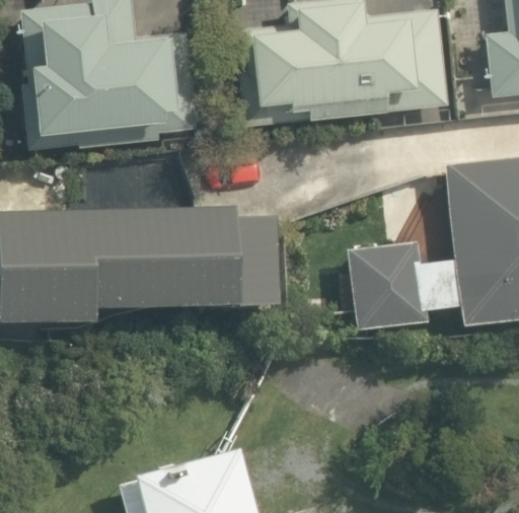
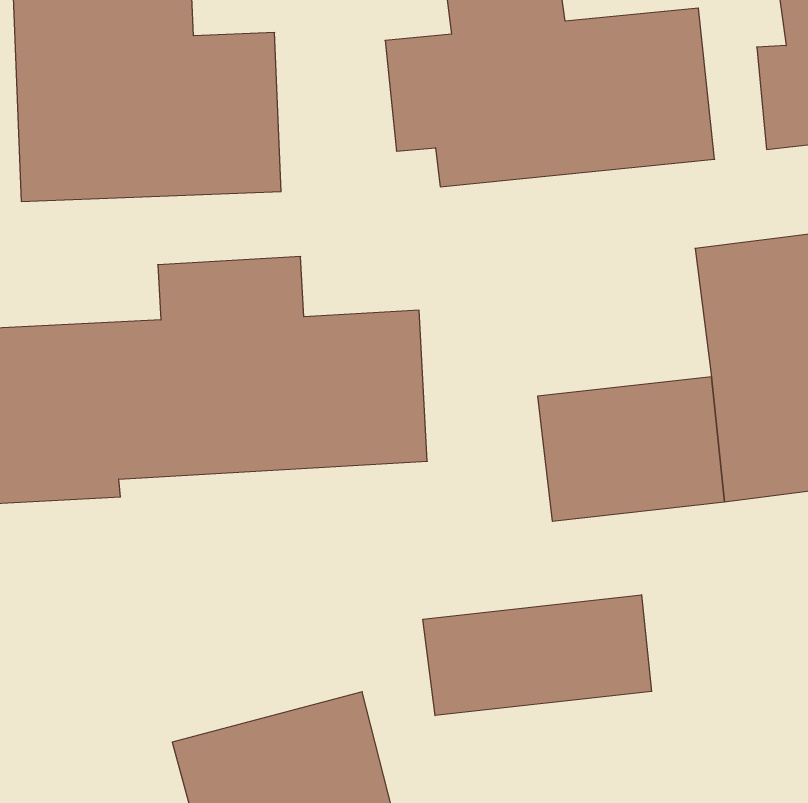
building: none -> [423,595,652,716]

